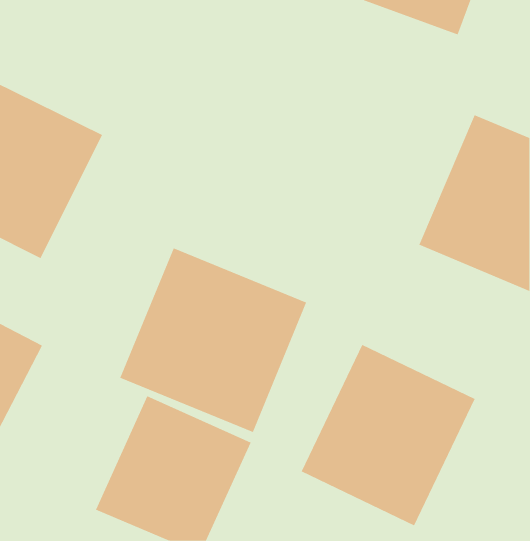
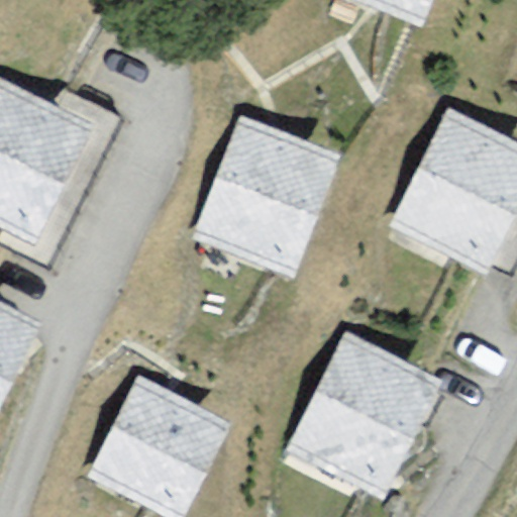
building: none -> [184,109,348,285]
building: [120,248,307,433] -> none

